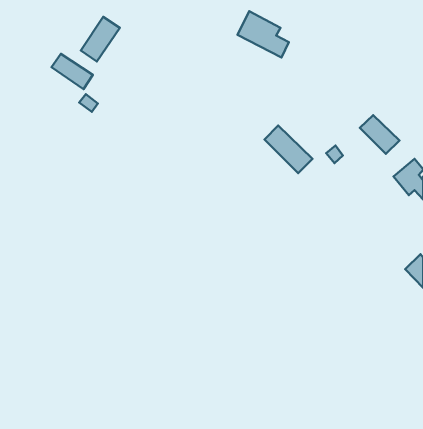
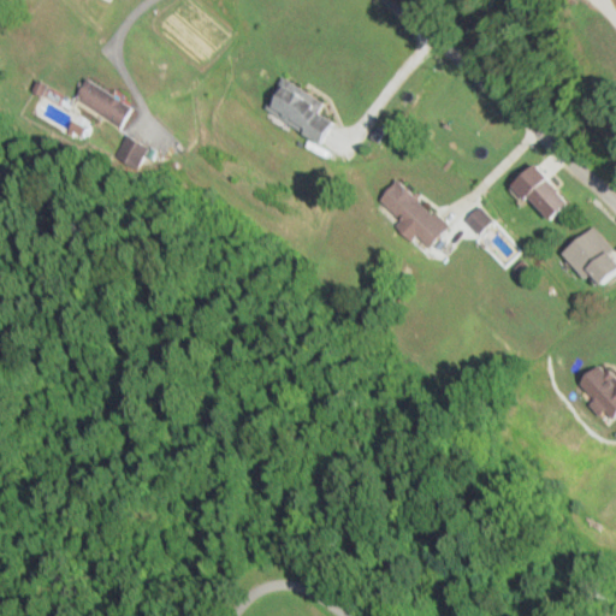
building: [238,11,289,57] -> [262,78,336,144]
building: [81,17,120,62] -> none

